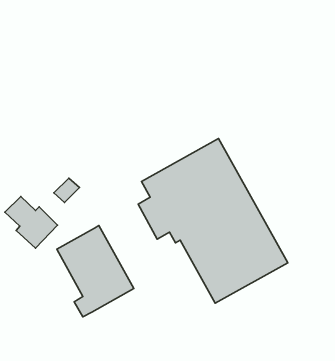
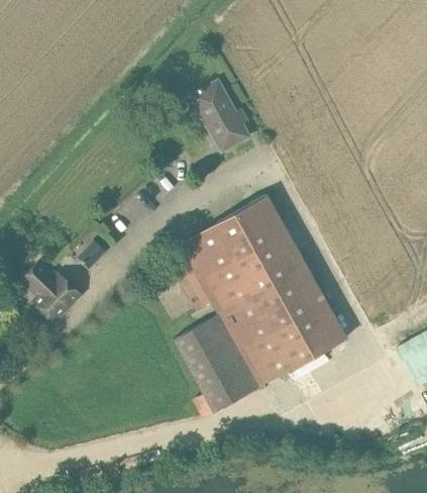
building: none -> [191,80,250,153]
building: [57,226,134,317] -> [175,312,263,417]

